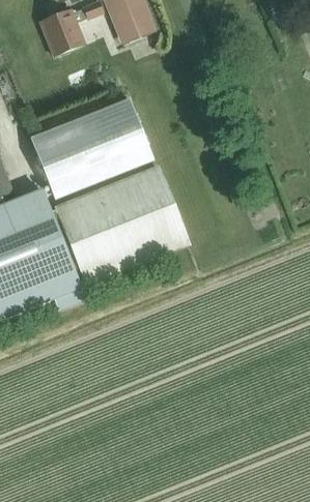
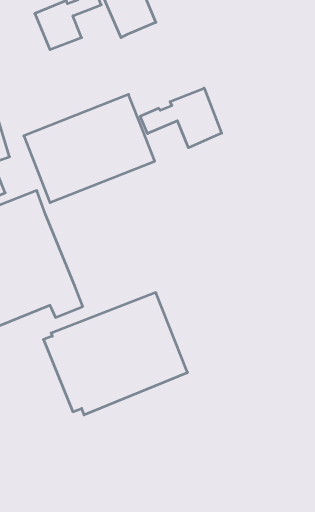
building: none -> [140,88,222,148]
building: [50,166,187,282] -> [43,293,188,415]

